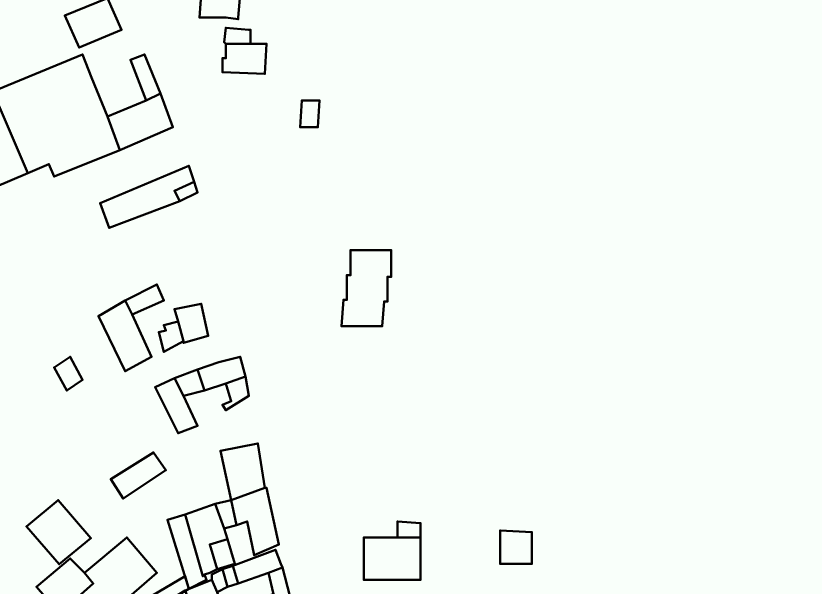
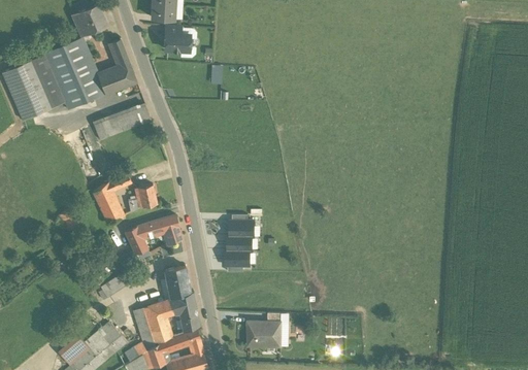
building: [342,250,391,326] -> [224,221,253,265]
building: [26,500,91,564] -> none

